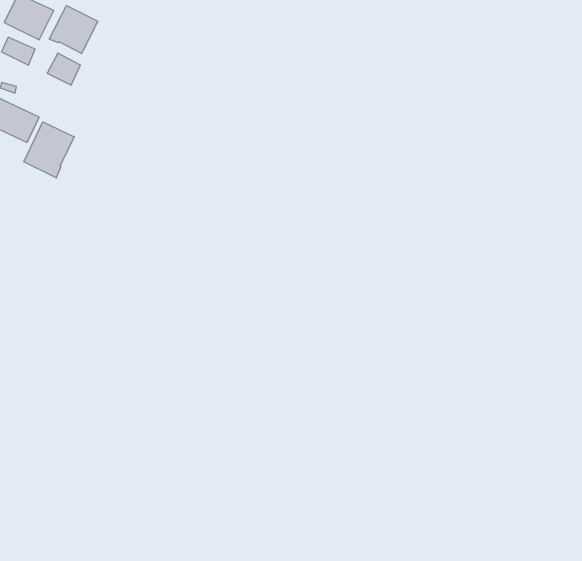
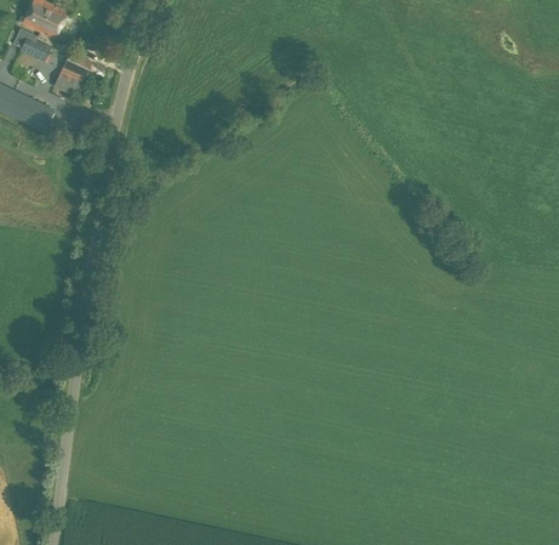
building: [49,6,98,54] -> none
building: [24,122,74,178] -> none

